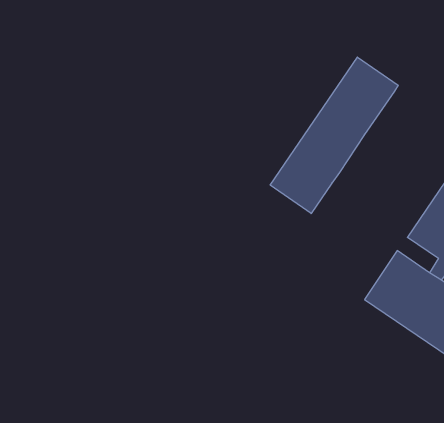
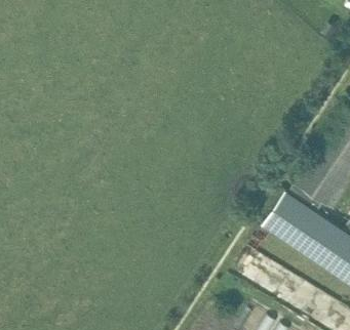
building: [270,57,398,214] -> none

